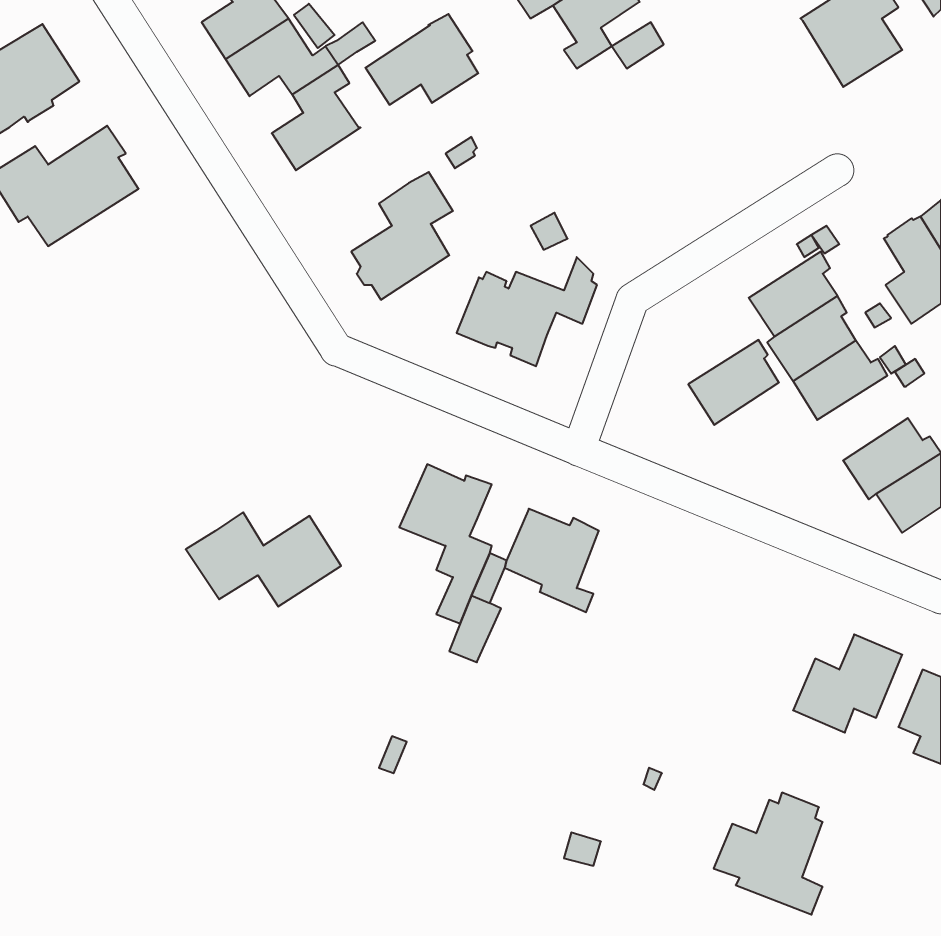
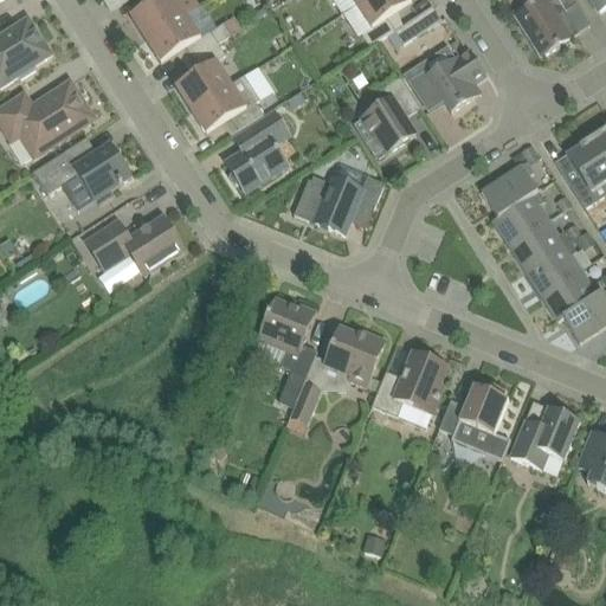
building: [365,14,478,105] -> [189,75,262,133]
building: none -> [426,49,485,110]
building: none -> [352,75,419,152]
building: none -> [32,143,130,209]
building: [688,340,779,425] -> [523,240,581,295]
building: [186,512,341,607] -> [83,214,182,275]
building: none -> [369,350,446,414]
building: [714,793,823,915] -> [437,379,507,457]

